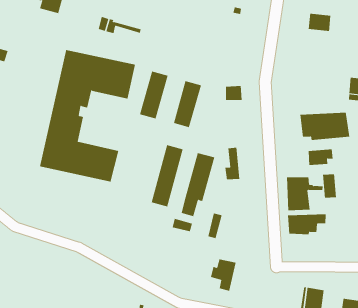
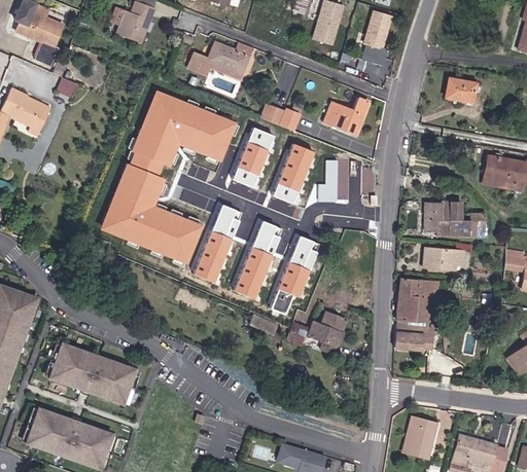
building: none -> [211,42,255,74]
building: none -> [325,94,371,132]
building: none -> [258,101,300,130]
building: none -> [191,205,240,283]
building: [225,147,240,180] -> [317,158,336,198]
building: [323,174,336,198] -> none
building: [210,259,237,292] -> [315,315,350,357]
building: none -> [50,346,135,405]

